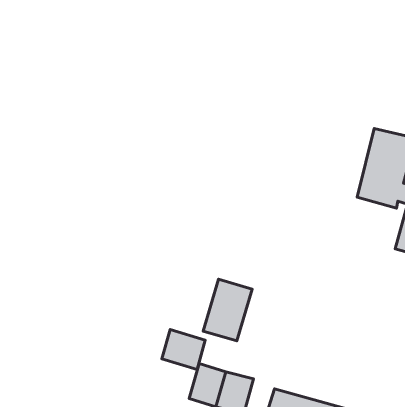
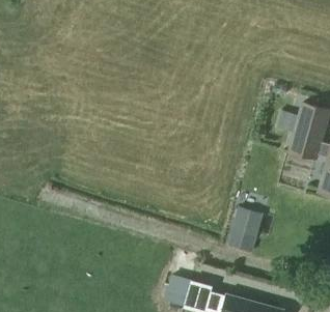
building: [203,279,252,341] -> [225,206,262,252]
building: [162,329,205,370] -> none

